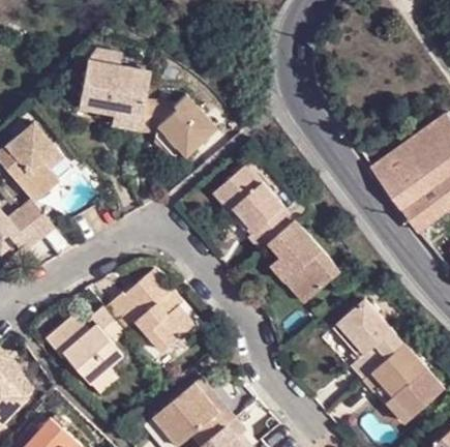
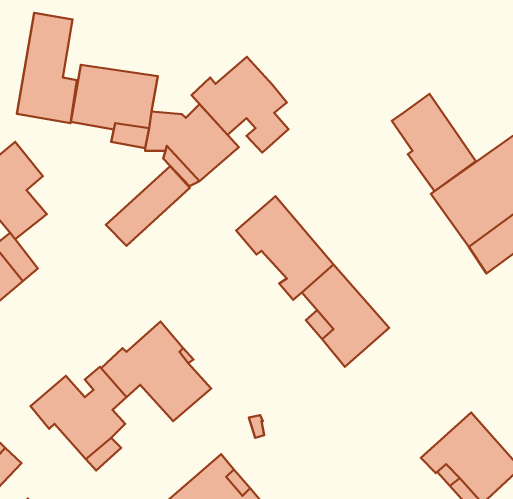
building: none -> [17,13,77,123]
building: none -> [191,57,288,153]
building: none -> [392,94,476,191]
building: none -> [106,166,190,246]
building: [333,299,406,381] -> none

